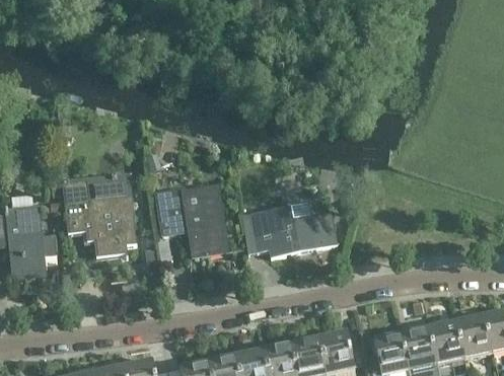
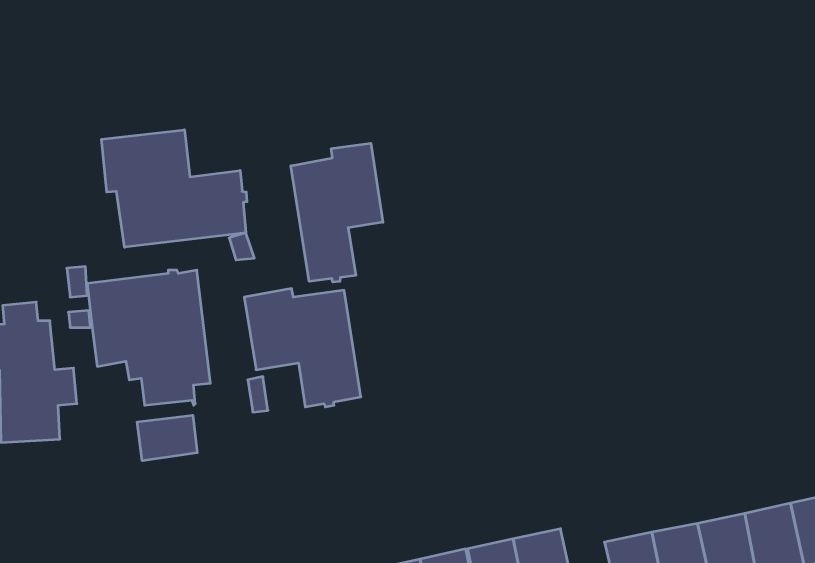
building: none -> [102,130,247,247]
building: none -> [291,143,383,282]
building: [249,203,338,257] -> none
building: none -> [137,415,197,461]

